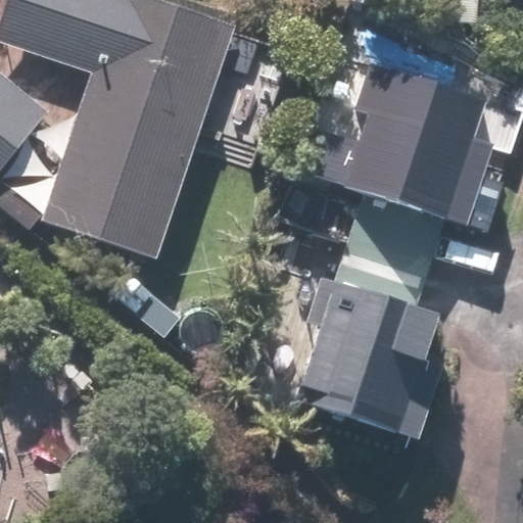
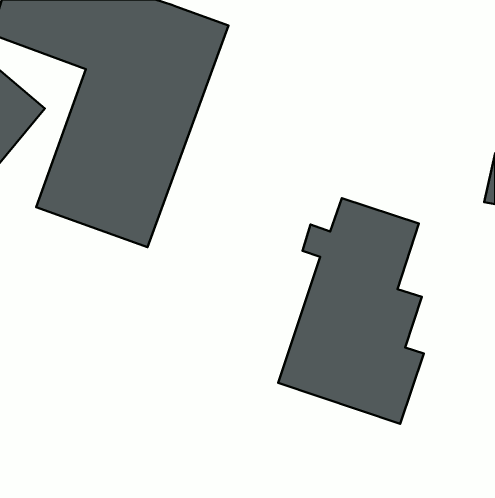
building: [319,58,502,232] -> none

